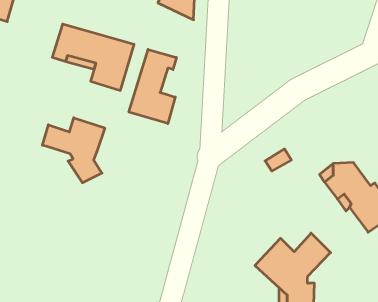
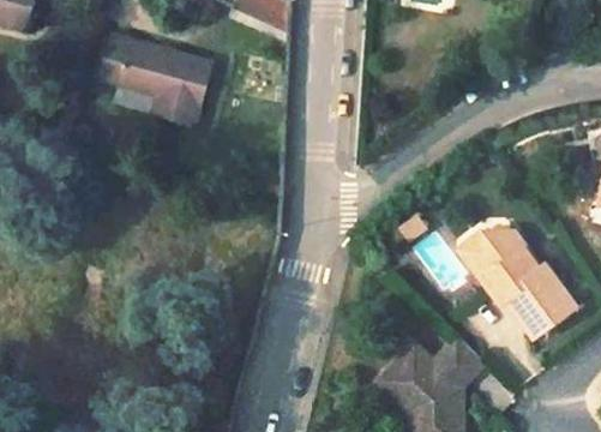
building: [129,49,176,124] -> none
building: [42,118,105,183] -> none

